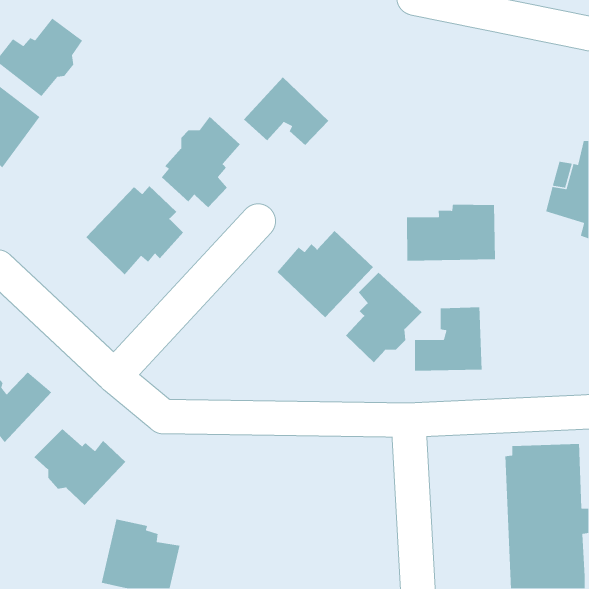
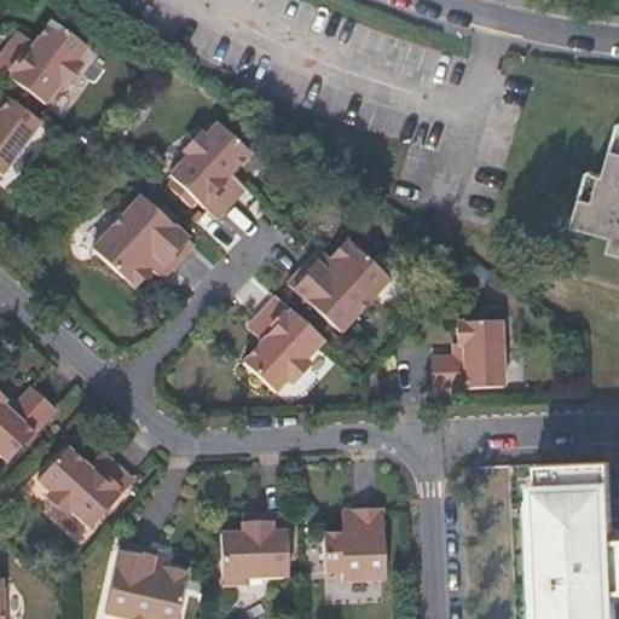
building: [243,76,329,146] -> none
building: [406,204,496,262] -> none
building: [345,272,423,363] -> [241,296,322,392]
building: none -> [323,513,383,586]
building: none -> [221,516,289,589]

